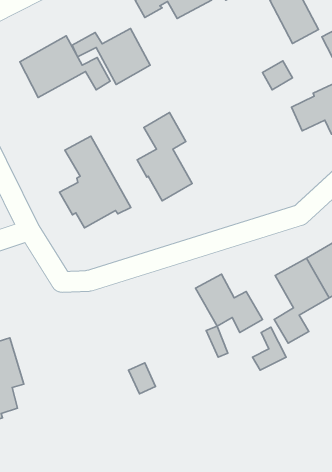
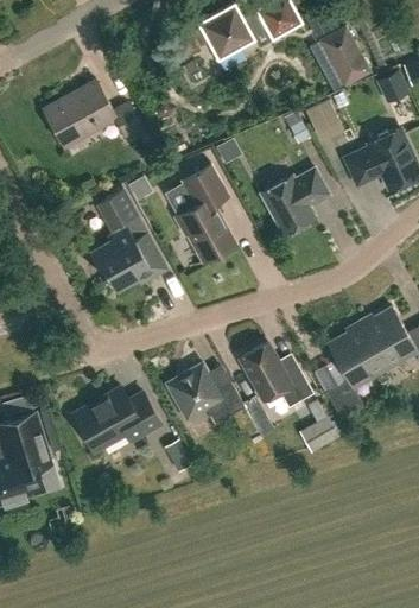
building: [72,29,150,85] -> none
building: none -> [260,167,329,234]
building: none -> [166,362,245,423]
building: none -> [72,386,160,450]

